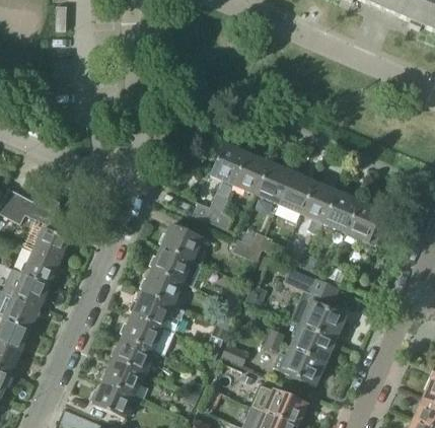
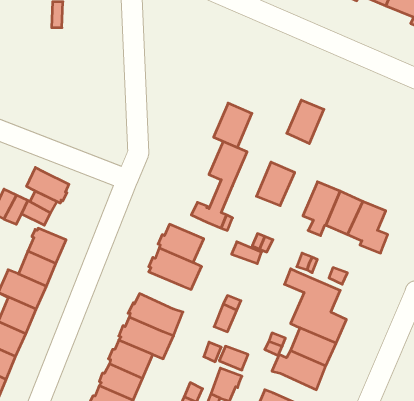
building: [232,152,270,196] -> [214,103,252,148]
building: none -> [27,167,69,203]
building: [279,172,315,215] -> [287,100,324,144]
building: [140,269,184,306] -> none

